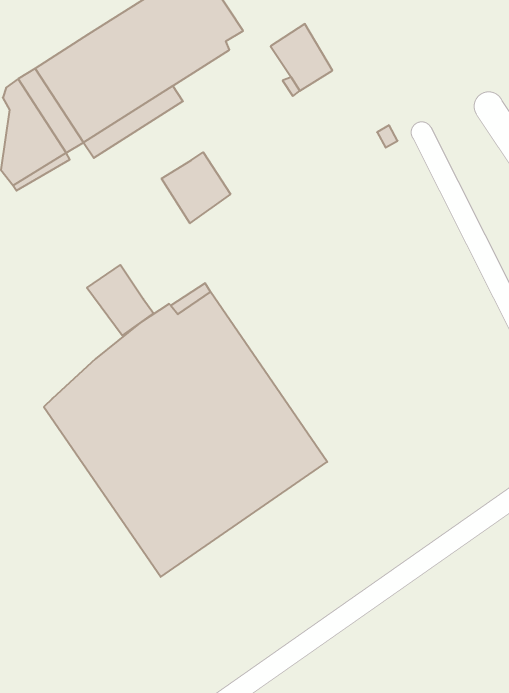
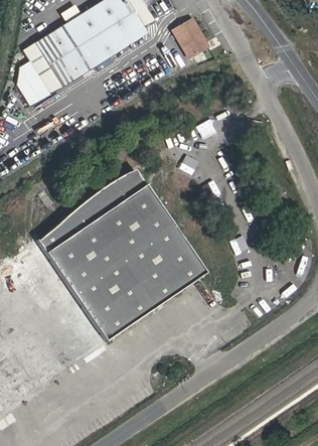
building: [162,152,230,223] -> none
building: [87,265,154,335] -> none

